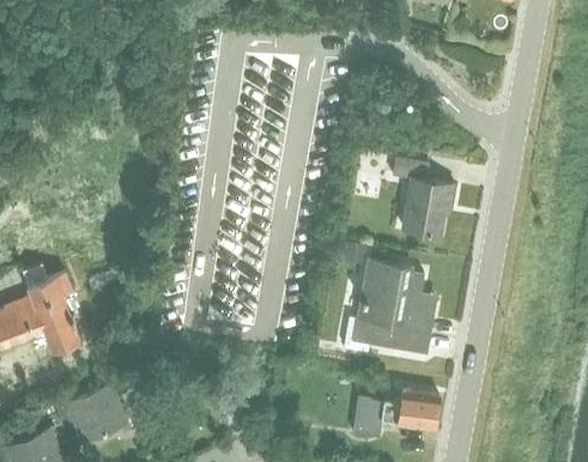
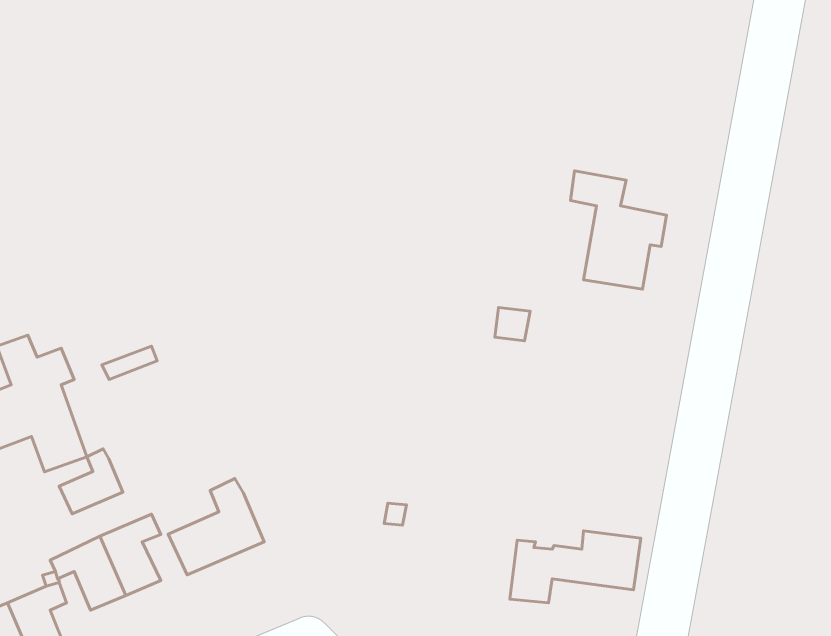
building: [345,259,431,352] -> none
building: none -> [59,449,123,514]
building: none -> [168,479,264,575]

